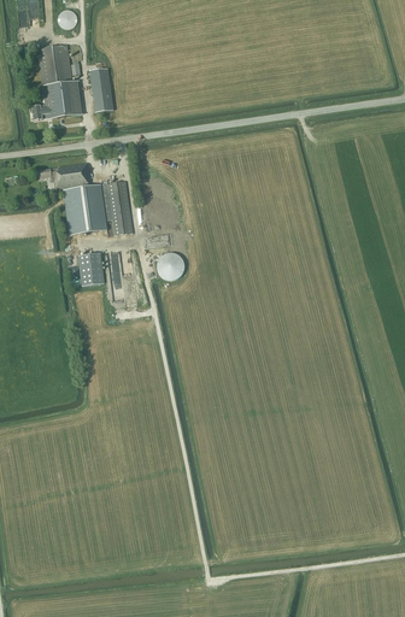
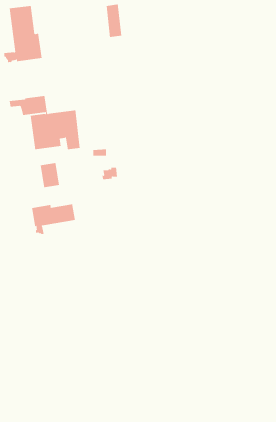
building: [90,67,112,112] -> [106,4,122,38]
building: none -> [32,204,75,235]

